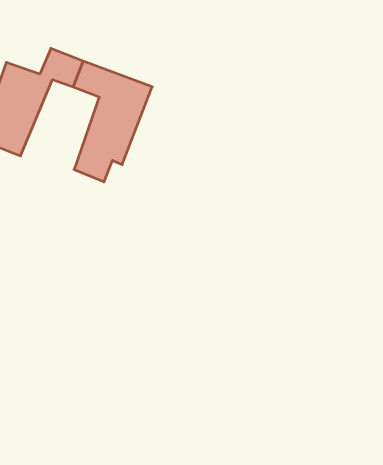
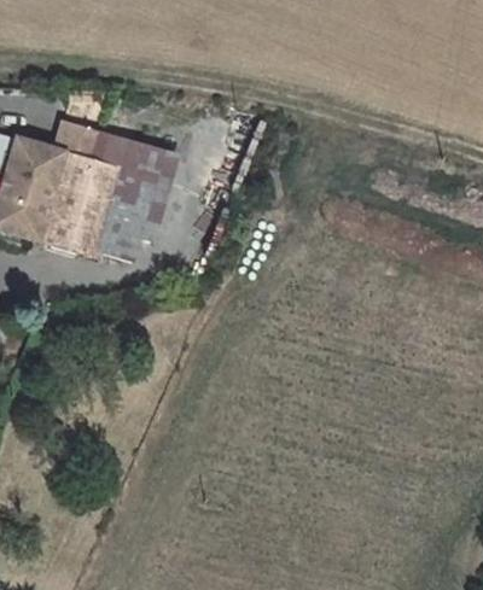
building: none -> [37,153,117,256]

